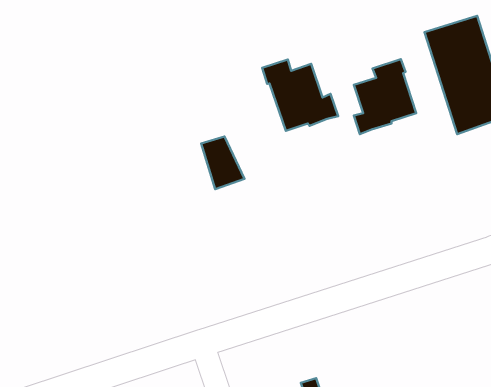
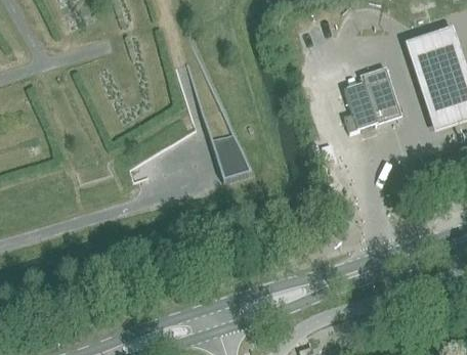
building: [262,59,338,131] -> none

